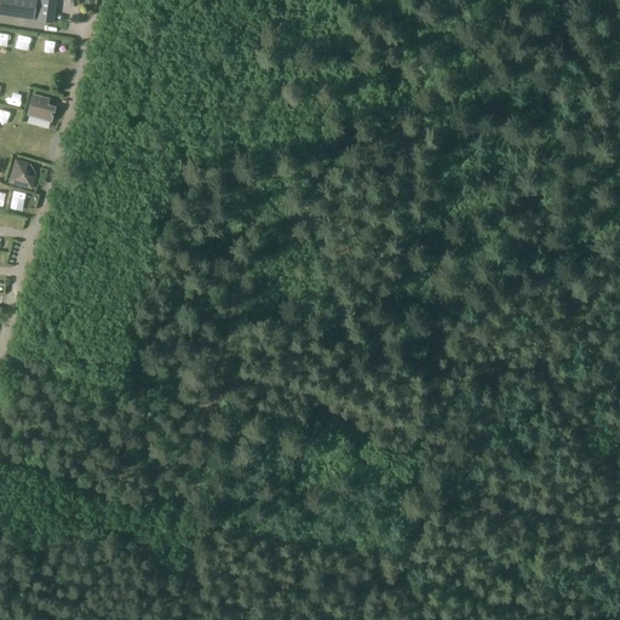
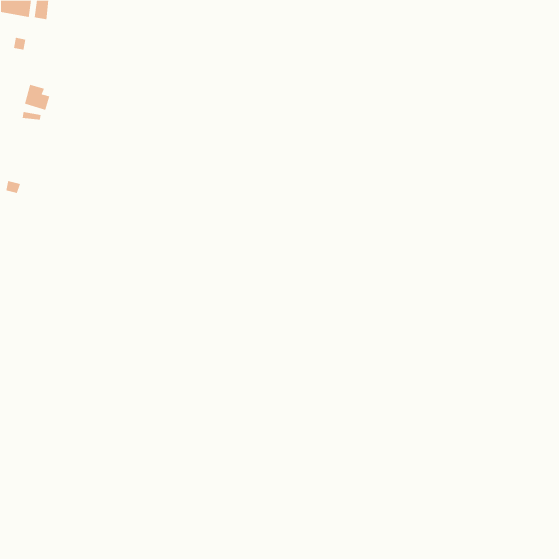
building: [7,159,35,190] -> none

